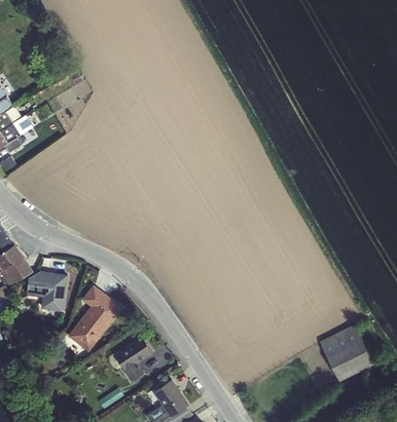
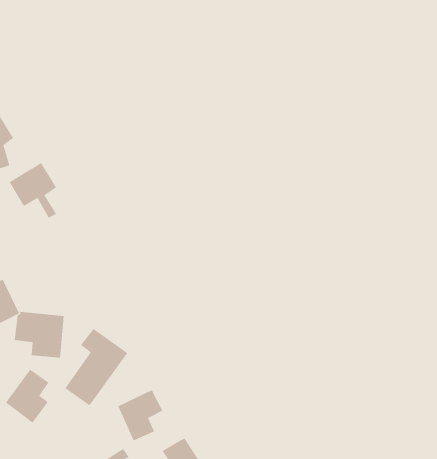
building: none -> [9,162,57,219]
building: none -> [5,369,49,423]
building: [320,327,372,381] -> none

